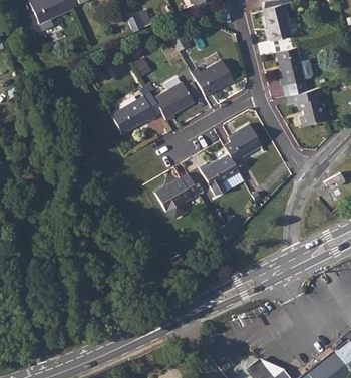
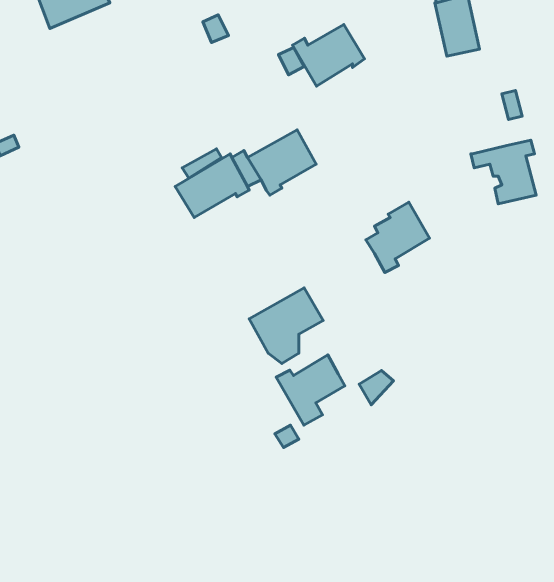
building: [277,46,306,96] -> none
building: [192,60,234,96] -> [292,24,365,86]
building: [199,154,239,196] -> [276,355,345,425]

